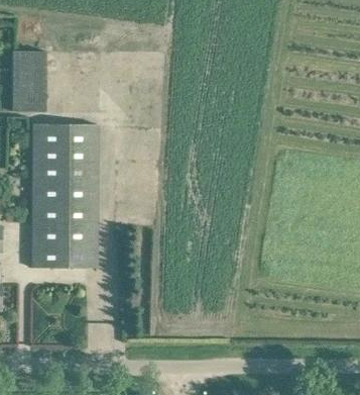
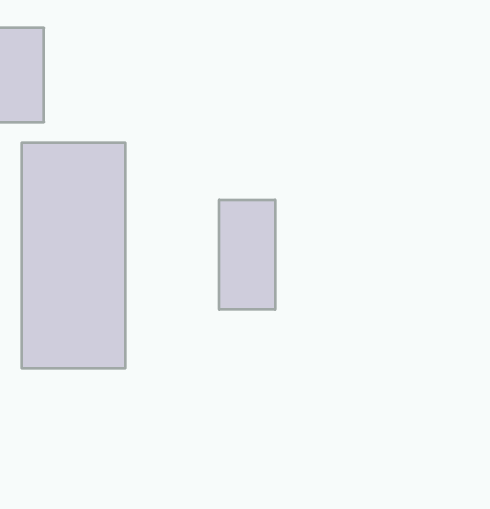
building: none -> [219,200,275,310]

